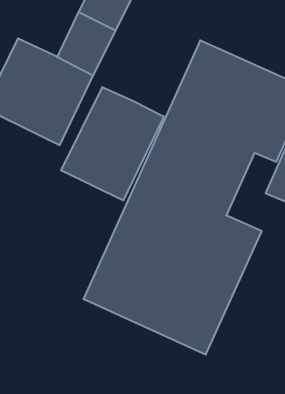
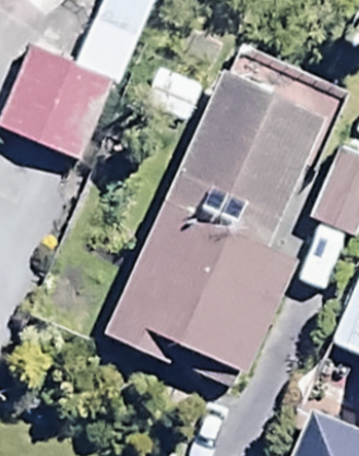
building: [61,87,164,201] -> none

